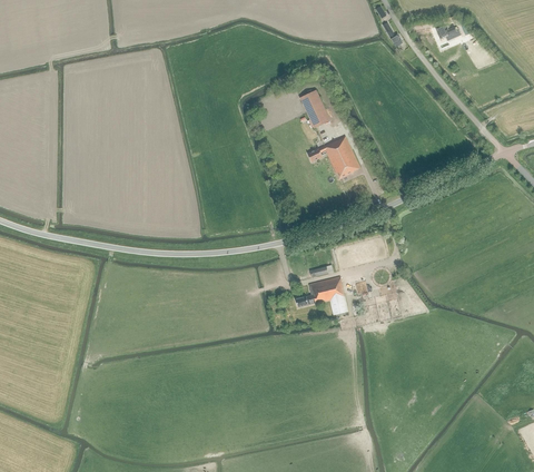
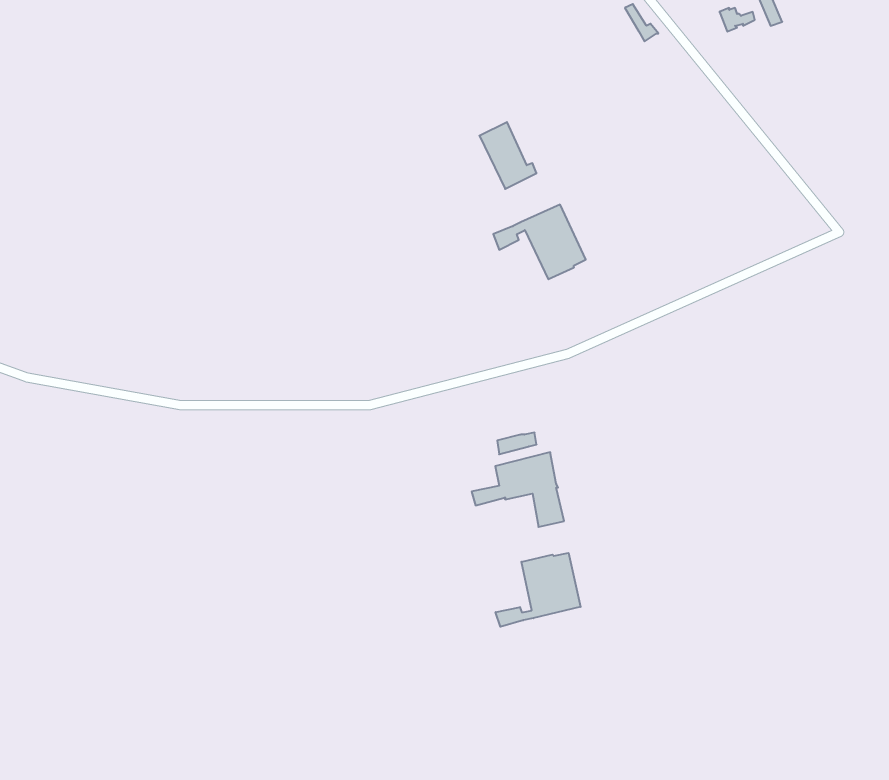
building: none -> [496,553,581,627]

